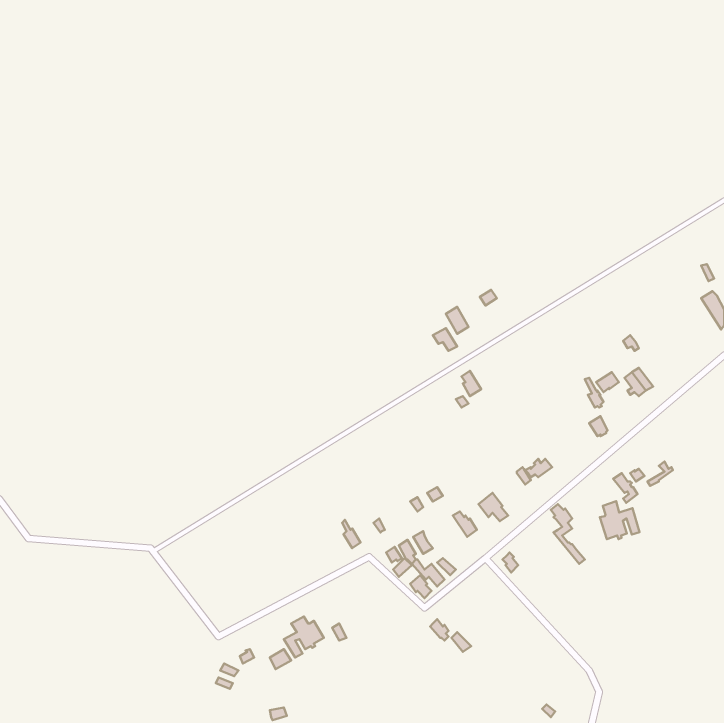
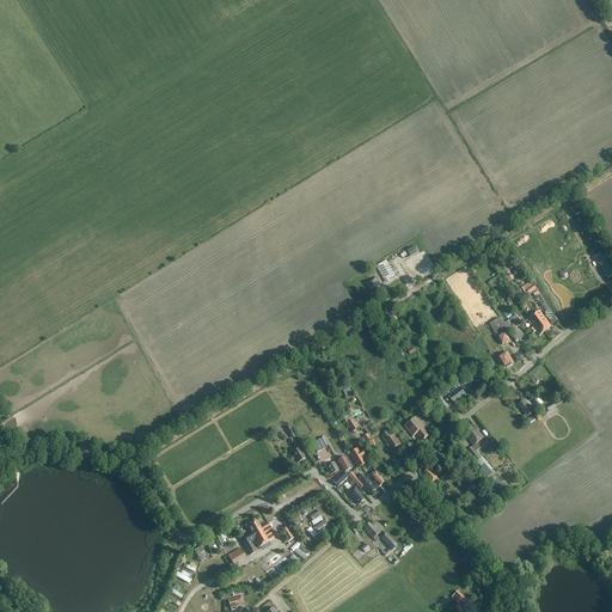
building: [600,501,640,539] -> none

